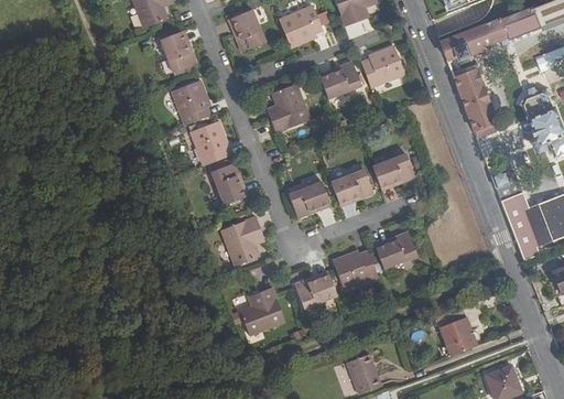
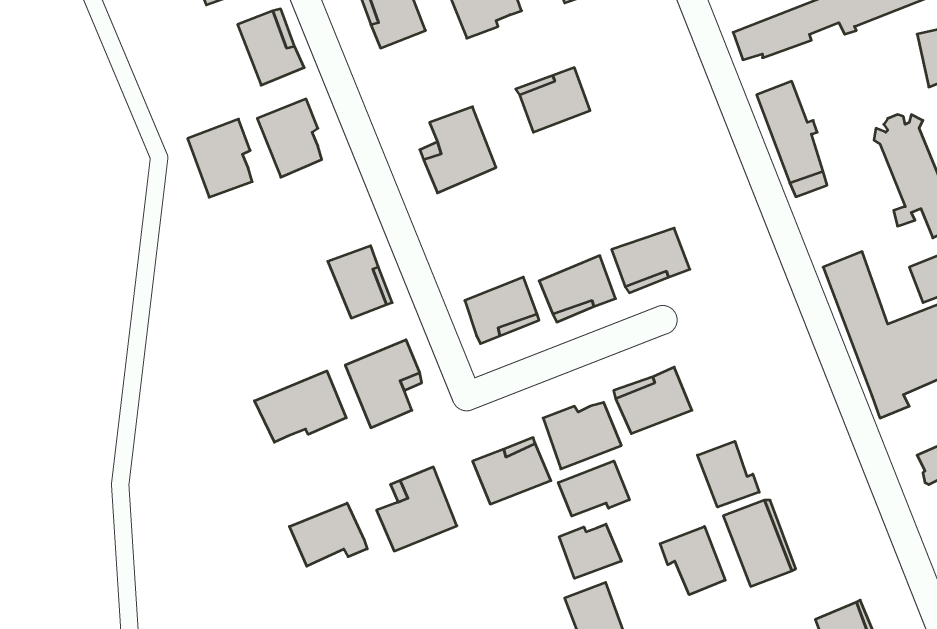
building: [361,46,405,87] -> none
building: [193,120,229,164] -> [188,119,252,197]
building: none -> [254,371,346,442]
building: none -> [697,441,759,507]
building: none -> [558,461,629,516]
building: none -> [289,503,367,566]
building: none -> [559,524,621,578]
building: none -> [660,526,725,595]

